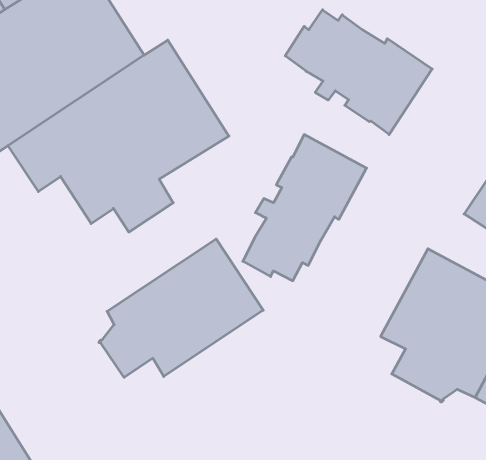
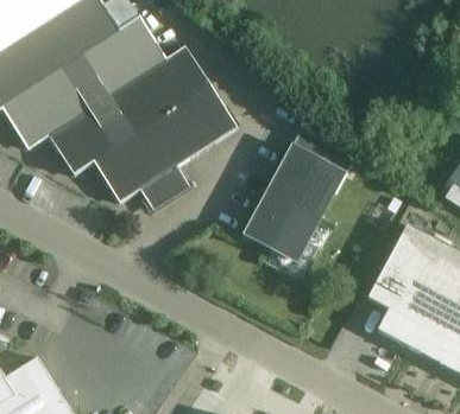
building: [285,10,432,135] -> none
building: [99,239,263,377] -> none

